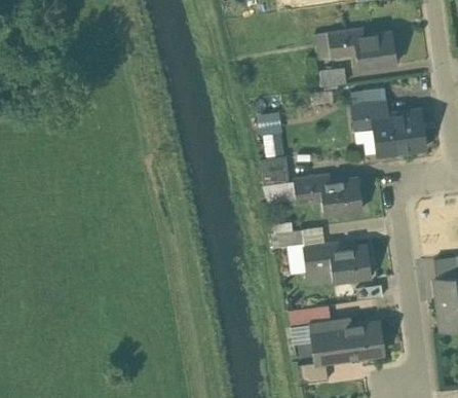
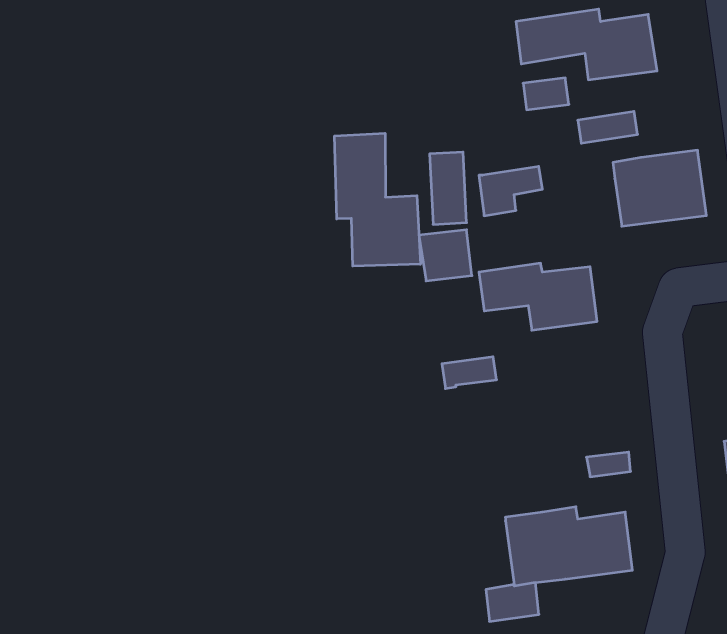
building: none -> [335,133,420,266]
building: [351,102,388,131] -> [479,166,542,216]
building: [303,244,372,287] -> none
building: [289,306,331,329] -> none

